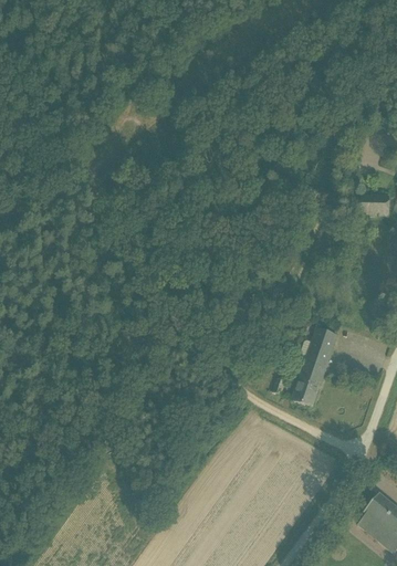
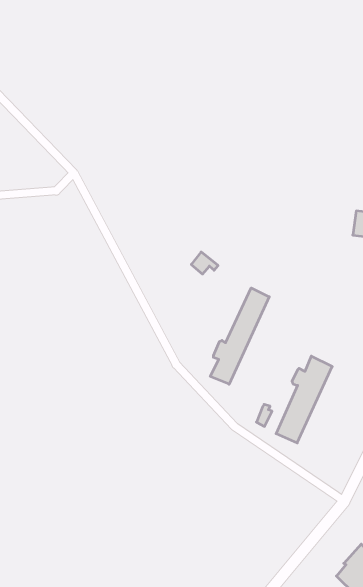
building: none -> [210,288,269,384]

